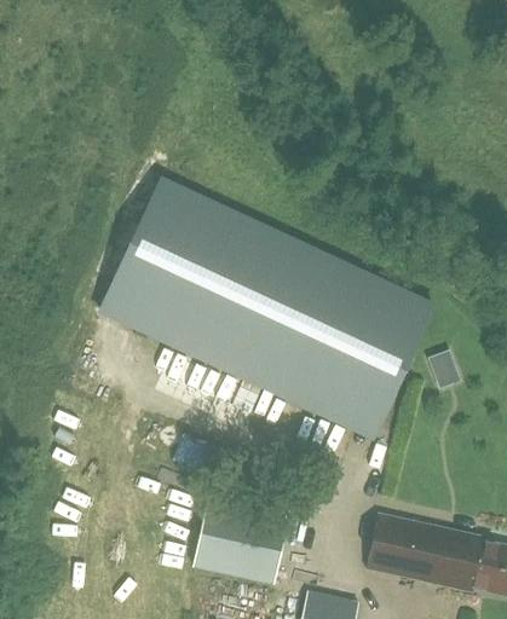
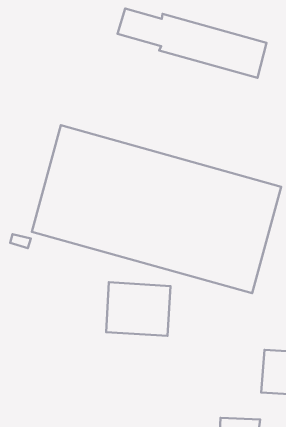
building: none -> [117,8,266,78]
building: [192,502,286,584] -> [106,282,170,336]

